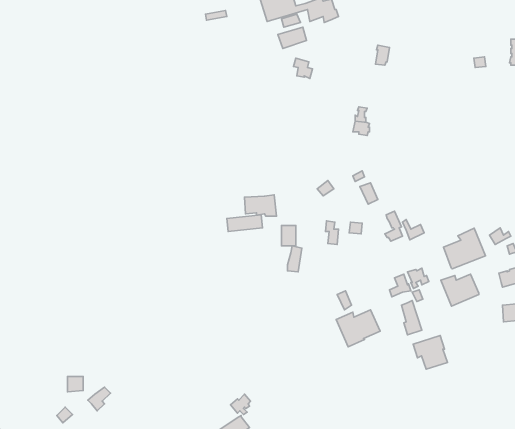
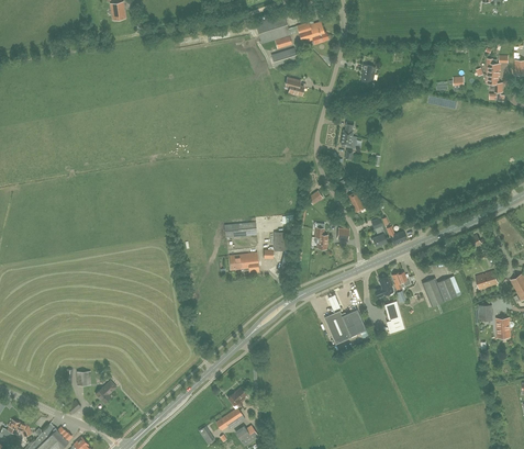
building: [244,195,277,216] -> [230,252,259,272]
building: [444,228,486,269] -> none
building: [413,335,447,369] -> none

